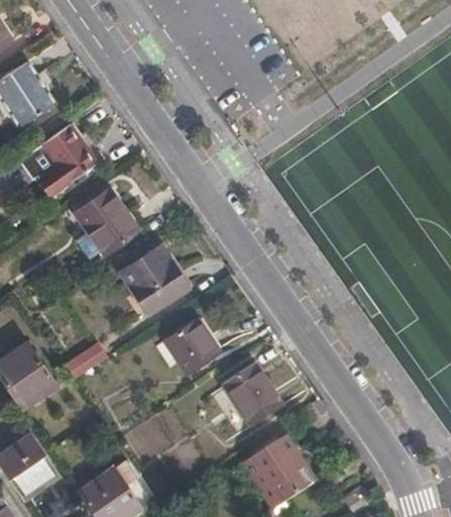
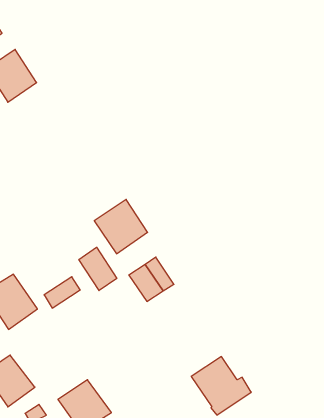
building: [36,125,92,196] -> none
building: [78,191,137,252] -> none
building: none -> [79,247,117,291]
building: [227,364,284,424] -> none

